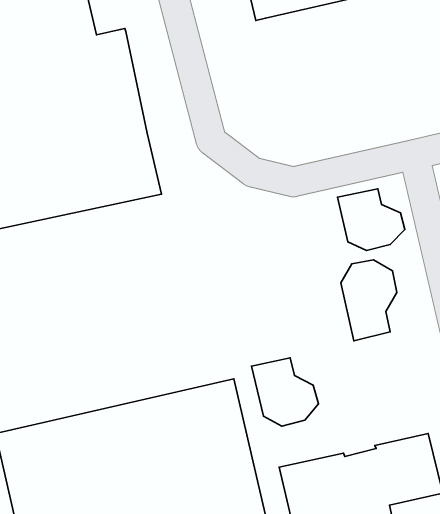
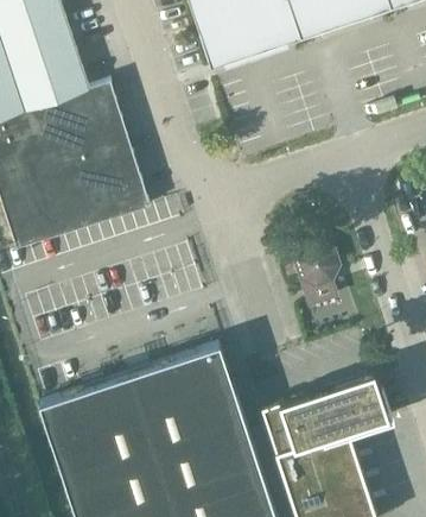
building: [338,189,405,250] -> none
building: [252,358,318,426] -> none

